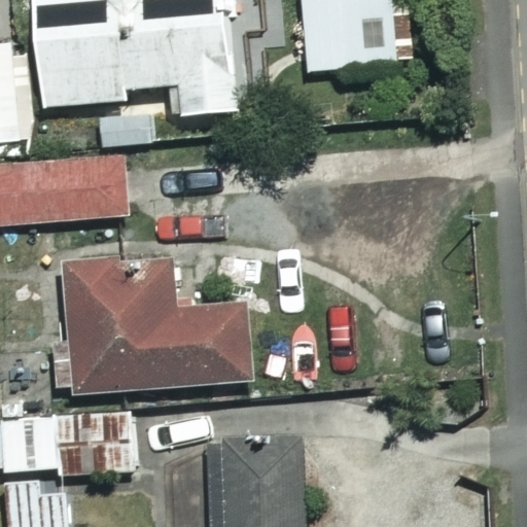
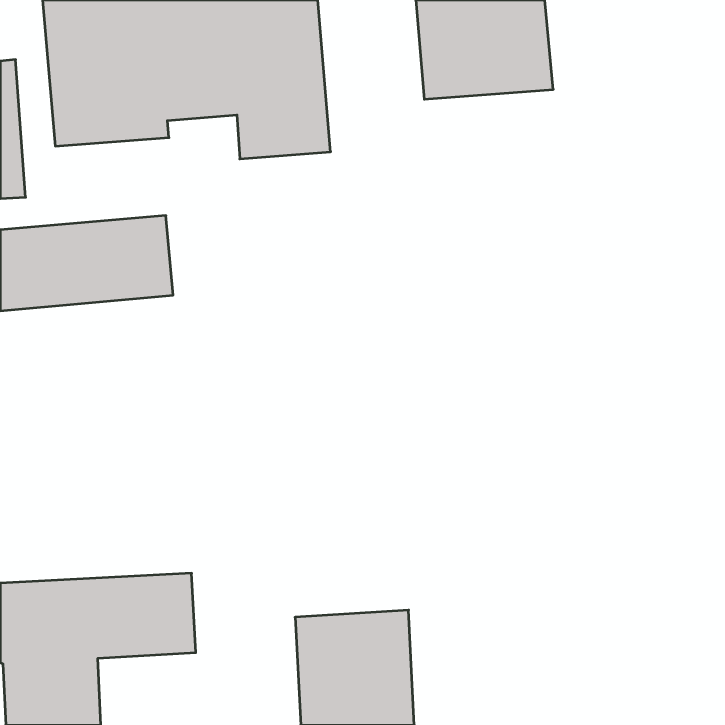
building: [62,265,247,393] -> none

